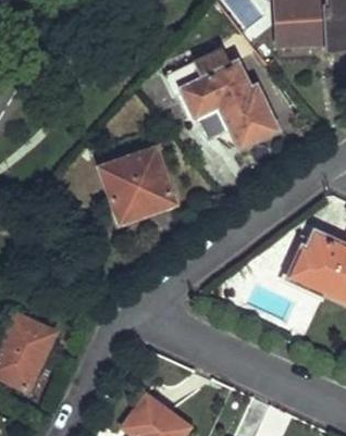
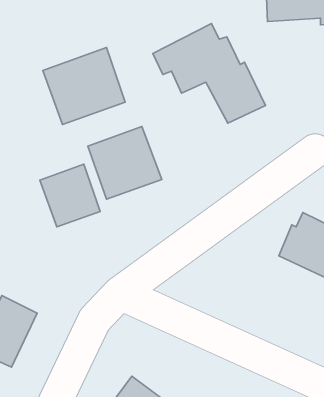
building: none -> [43,48,125,124]
building: none -> [40,164,100,227]

